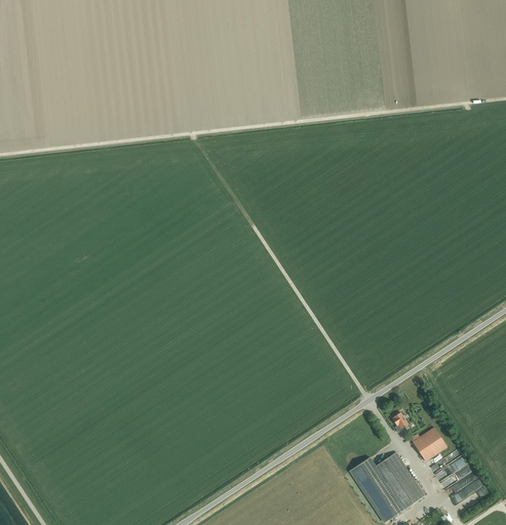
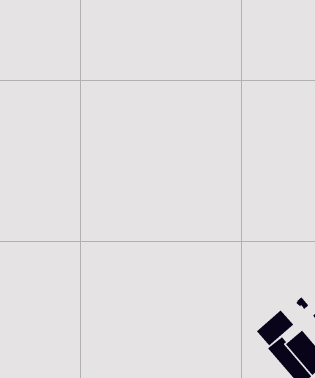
building: none -> [256,310,294,346]

